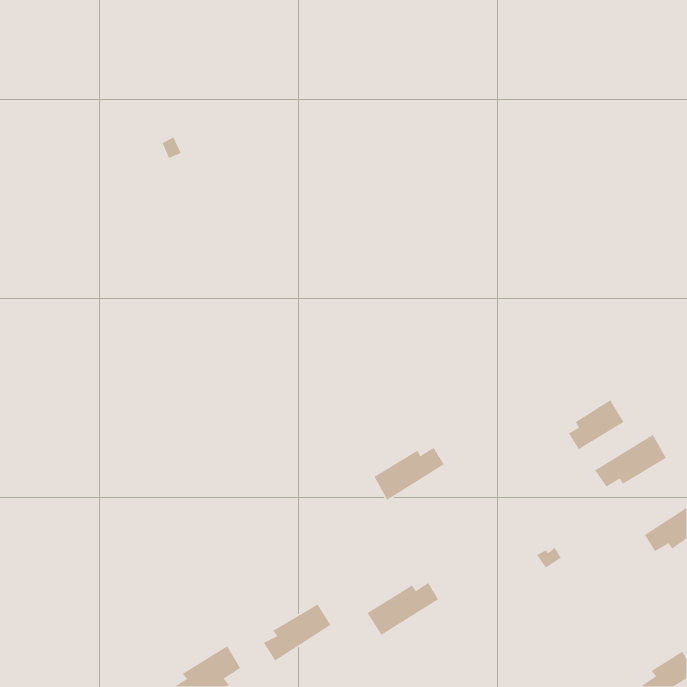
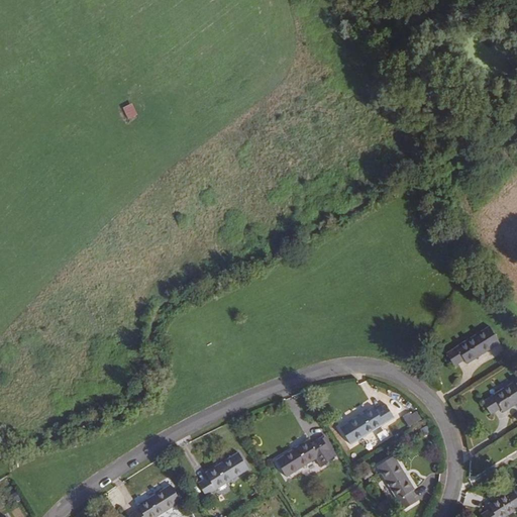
building: [568,399,624,450] -> none
building: [373,447,445,501] -> [340,404,394,444]
building: none -> [377,455,416,510]

